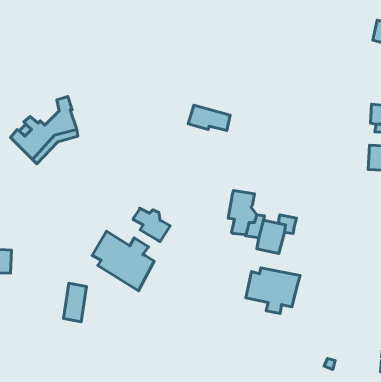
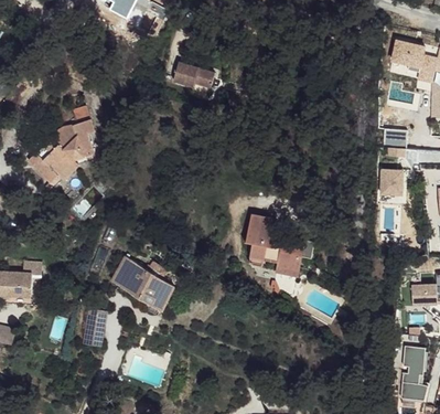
building: [188,105,230,131] -> [171,62,213,87]
building: [133,208,170,241] -> none
building: [246,268,300,313] -> none

